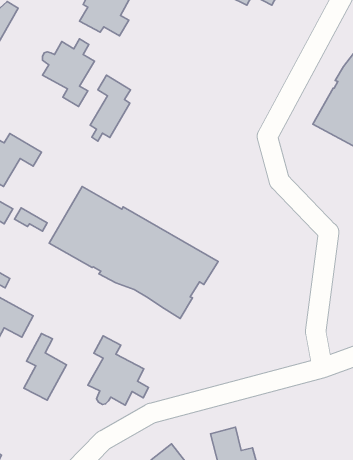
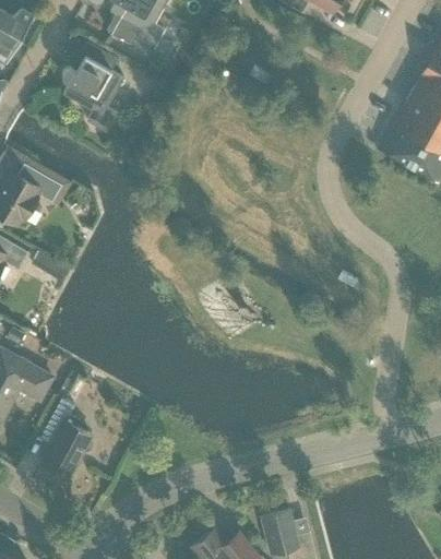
building: [90,75,130,141] -> none
building: [49,187,218,318] -> none
building: [88,336,148,405] -> none

